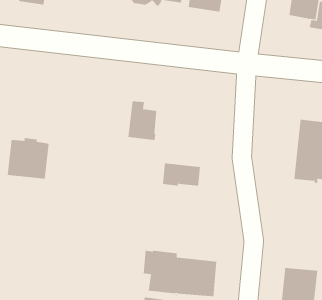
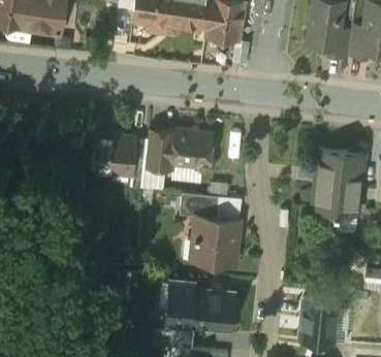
building: none -> [161,131,215,173]
building: [7,137,49,179] -> [92,132,135,174]
building: none -> [193,216,240,265]

